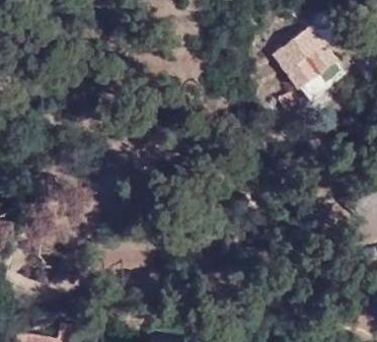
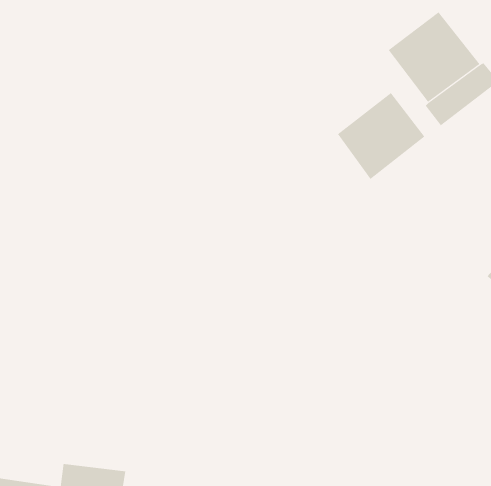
building: none -> [337,92,425,180]

